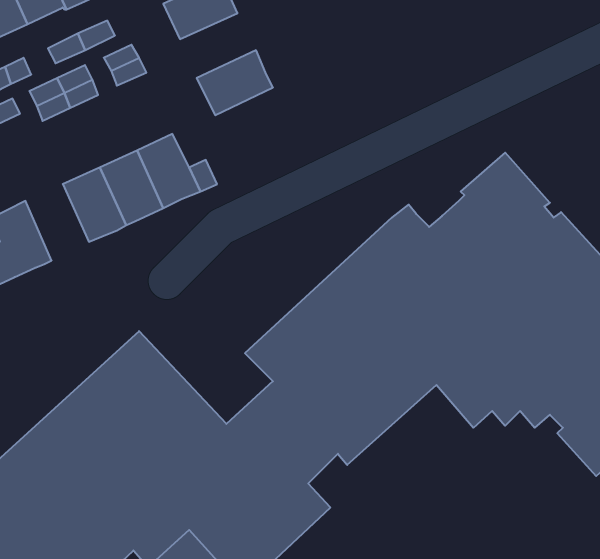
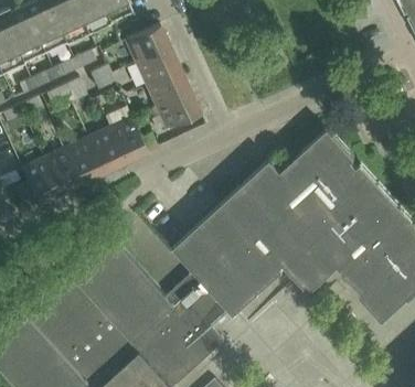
building: none -> [135,47,180,86]
building: none -> [156,92,200,130]
building: none -> [43,149,81,194]

